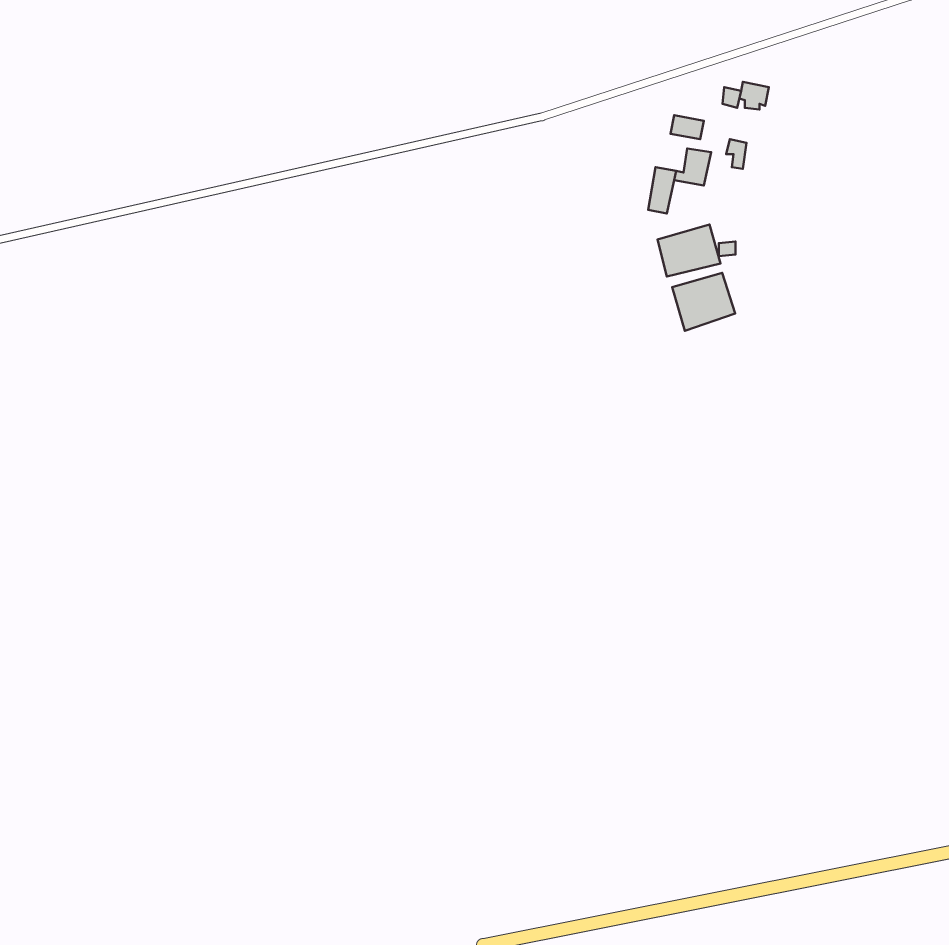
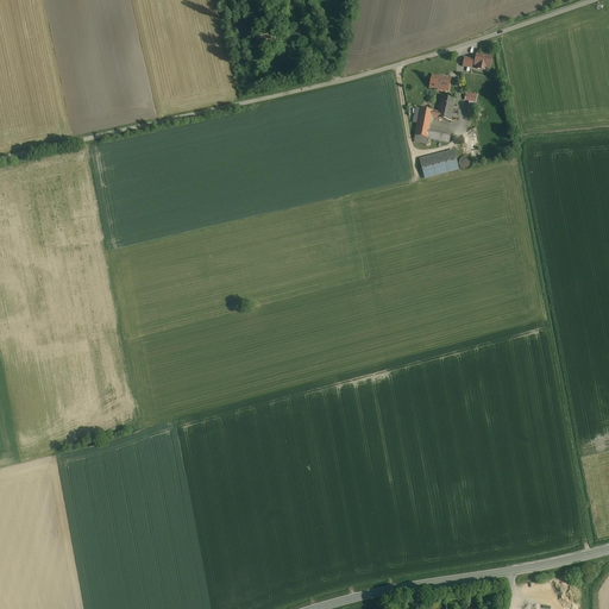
building: [672,273,735,331] -> none

